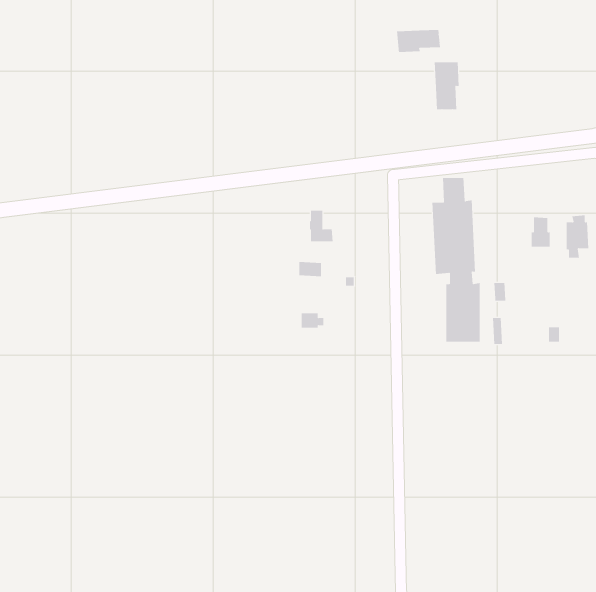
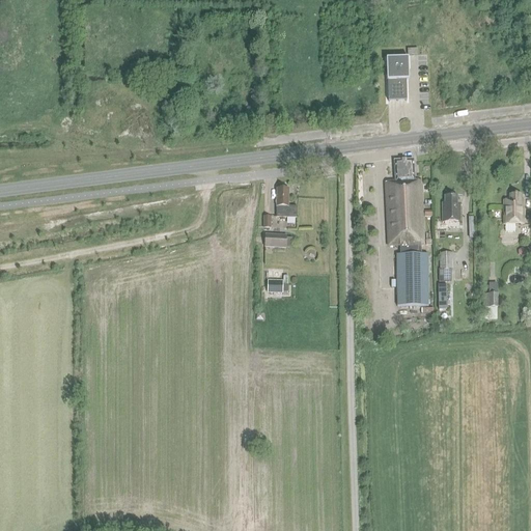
building: [396,29,440,53] -> none
building: [531,217,551,247] -> [441,193,458,220]

